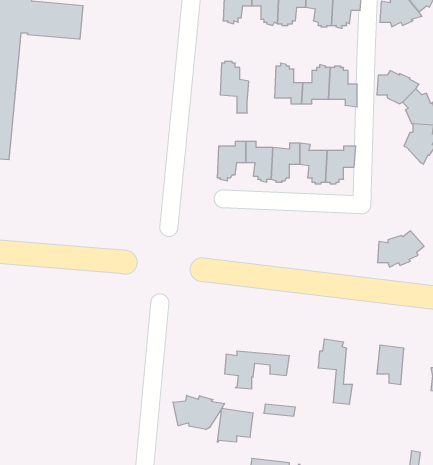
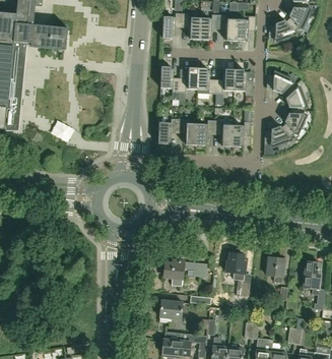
building: none -> [179,66,198,100]
building: [377,231,424,267] -> [264,123,295,147]
building: [173,395,224,430] -> none

